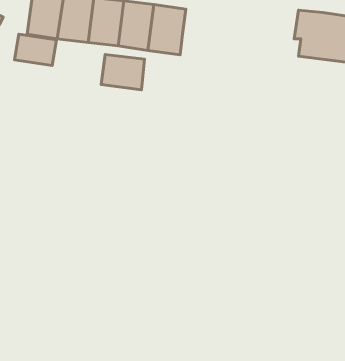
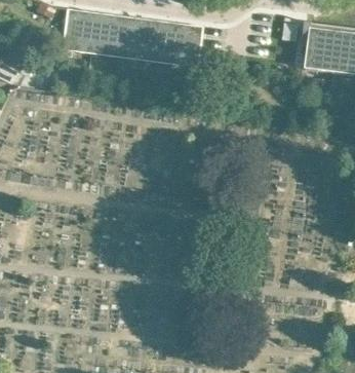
building: [15,34,56,65] -> none
building: [101,55,145,90] -> none

